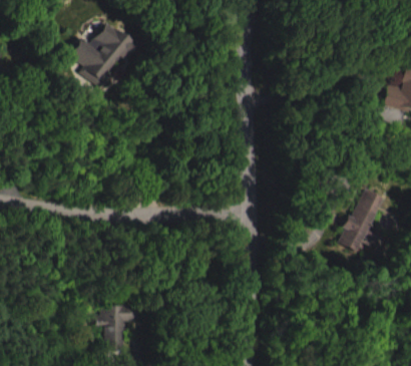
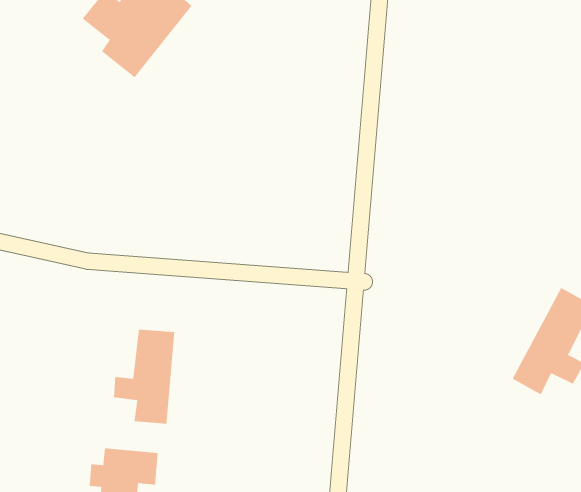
building: none -> [114,329,175,424]

